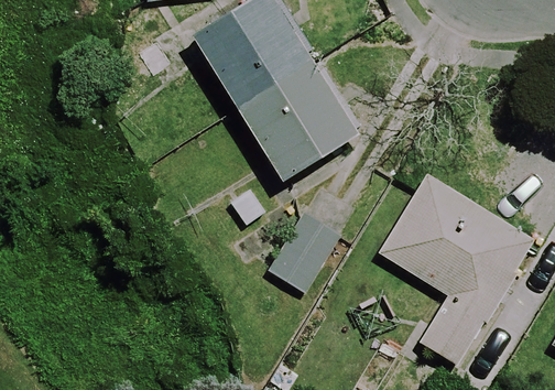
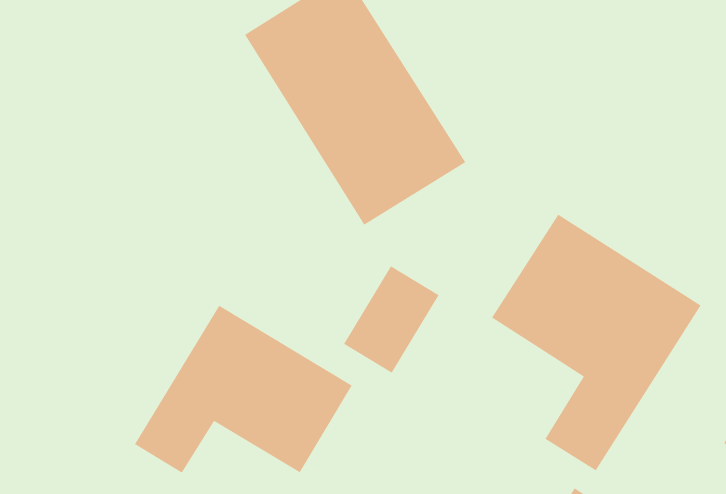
building: none -> [134,305,353,474]

